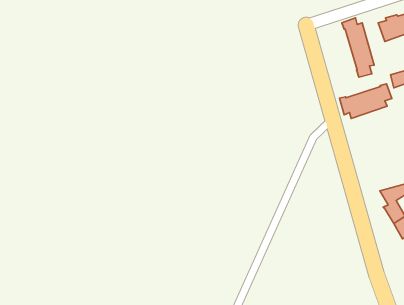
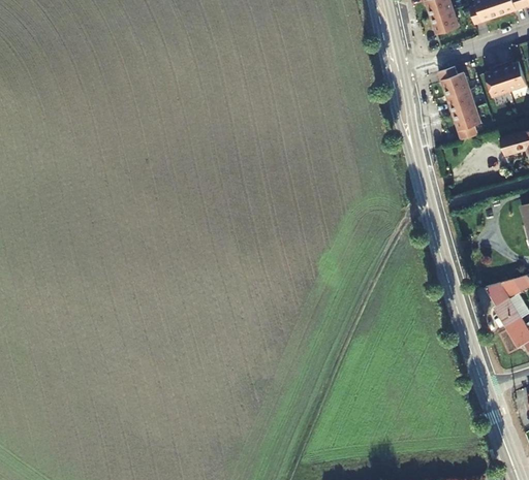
building: [340,84,392,118] -> none

